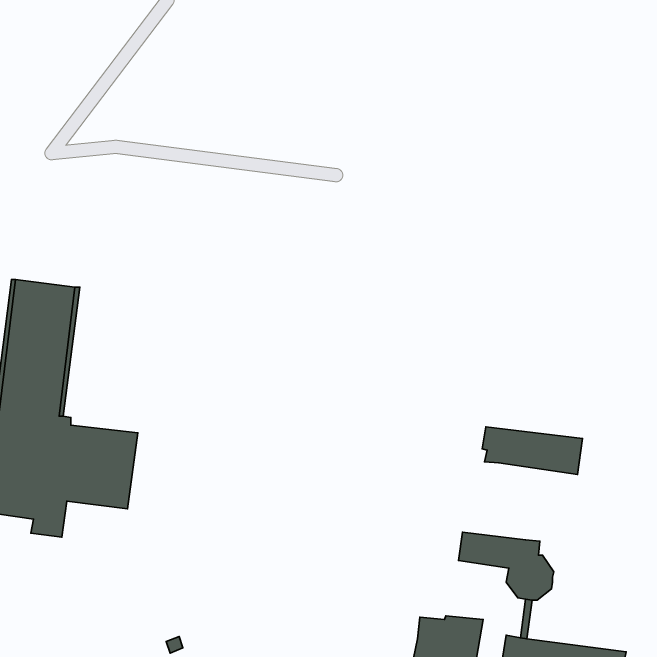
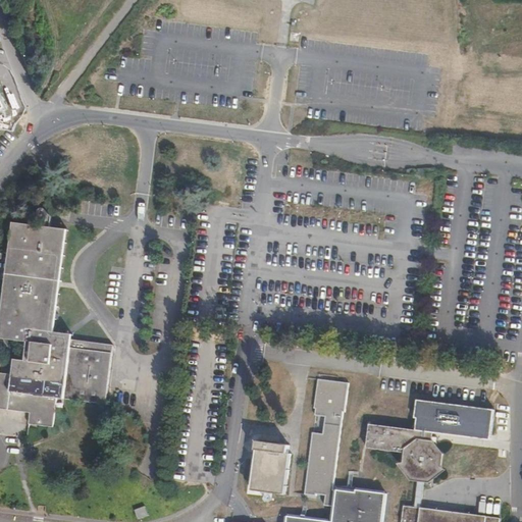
building: [482,427,583,475] -> [414,401,493,438]
building: none -> [305,380,349,507]
building: none -> [247,439,290,493]

